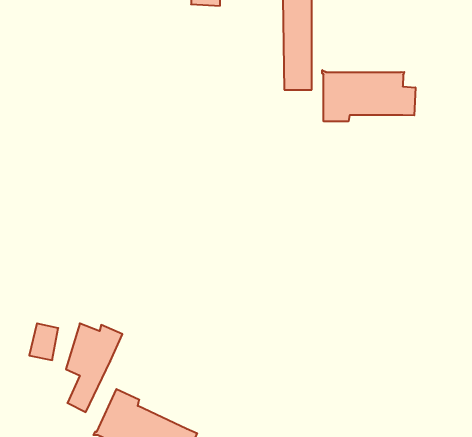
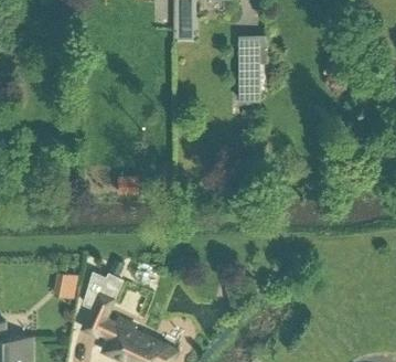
building: [322,70,415,121] -> none

